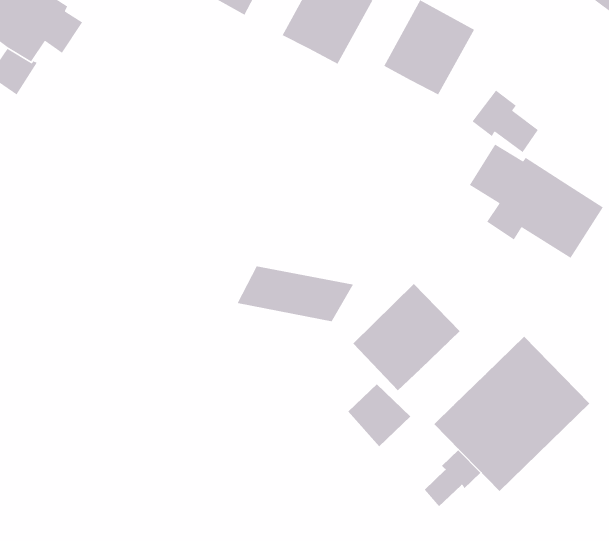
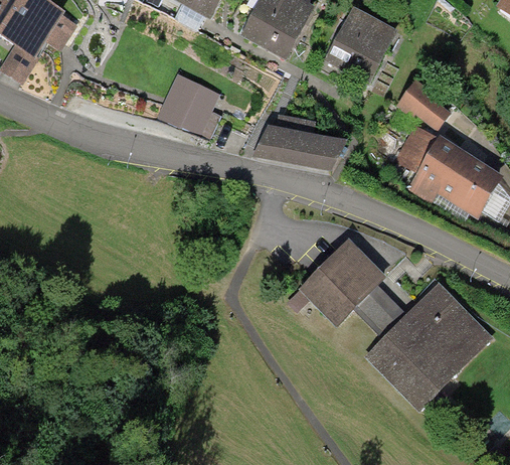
building: none -> [157,73,221,141]
building: [236,266,354,322] -> [251,125,348,171]
building: [347,383,411,447] -> [354,286,406,338]
building: [424,450,481,507] -> none

